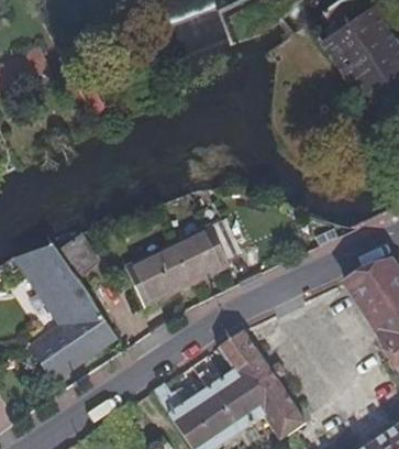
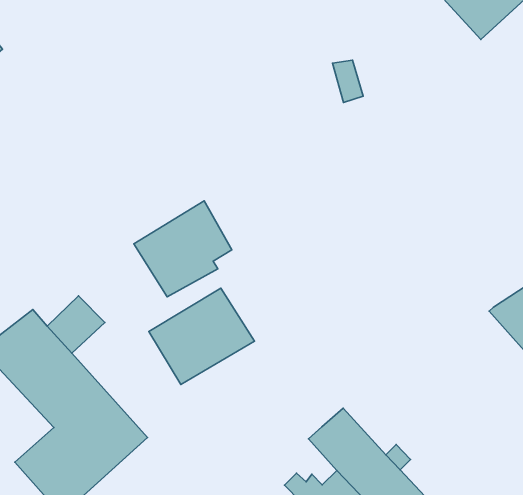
building: [175,222,237,281] -> [134,201,232,297]

